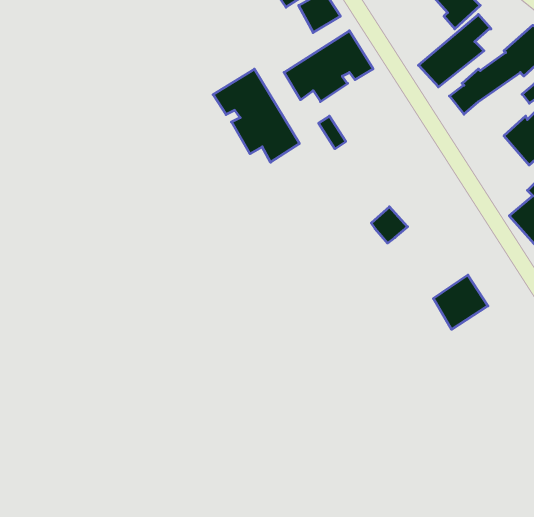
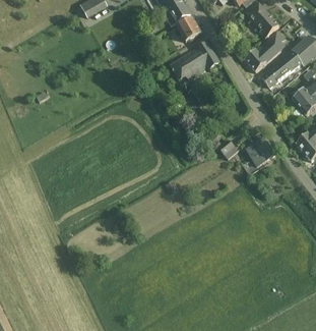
building: [213,69,299,162] -> none
building: [433,275,488,329] -> [247,135,277,166]

